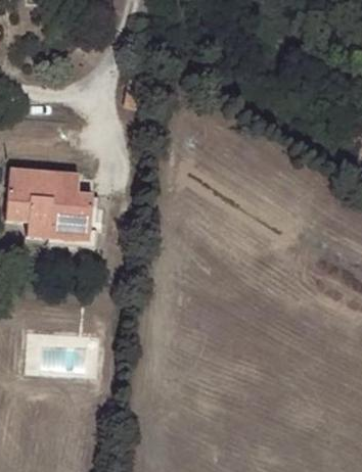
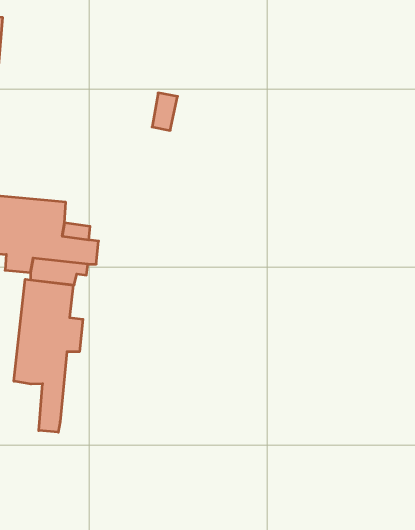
building: none -> [14,279,83,432]

